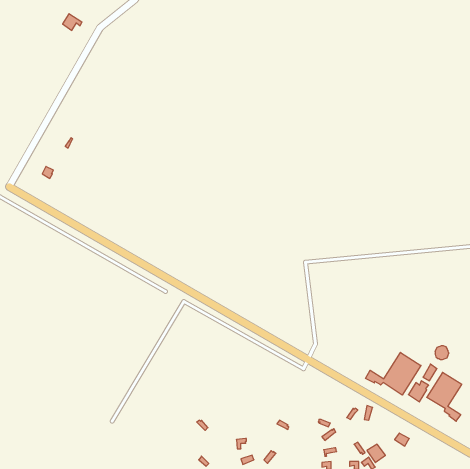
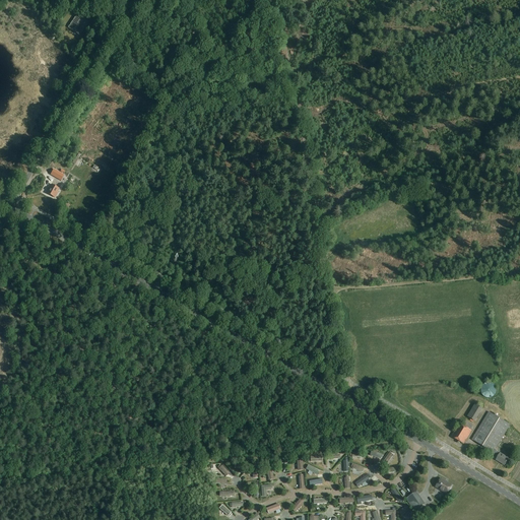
building: [366,352,421,395] -> none

